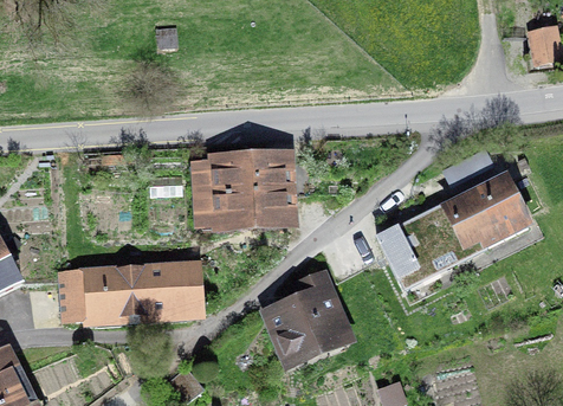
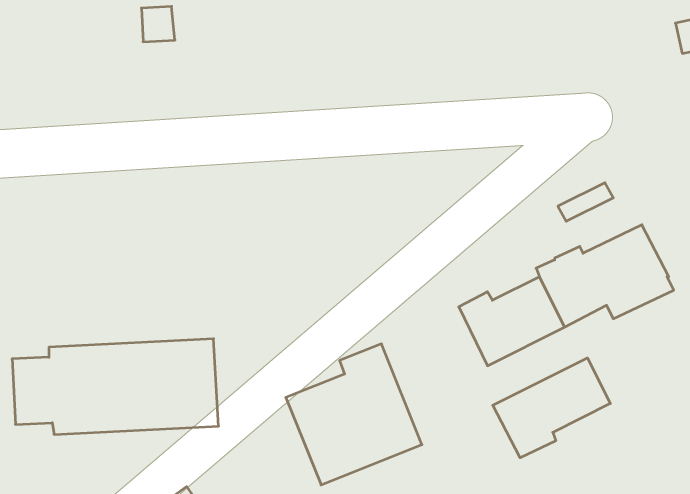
building: [193,148,305,232] -> none
building: none -> [493,358,610,458]

